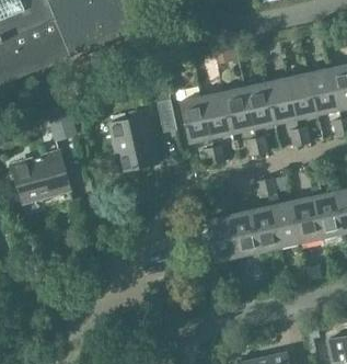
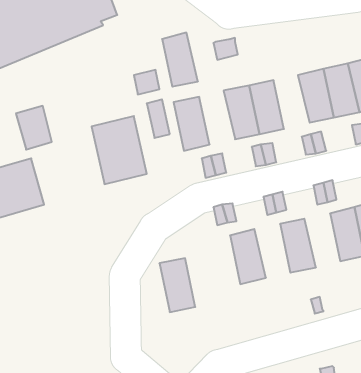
building: [265,78,296,124] -> none
building: [201,91,232,137] -> [162,33,198,87]
building: [291,196,322,242] -> none
building: [248,205,279,251] -> none
building: [206,215,236,261] -> [159,258,195,312]

